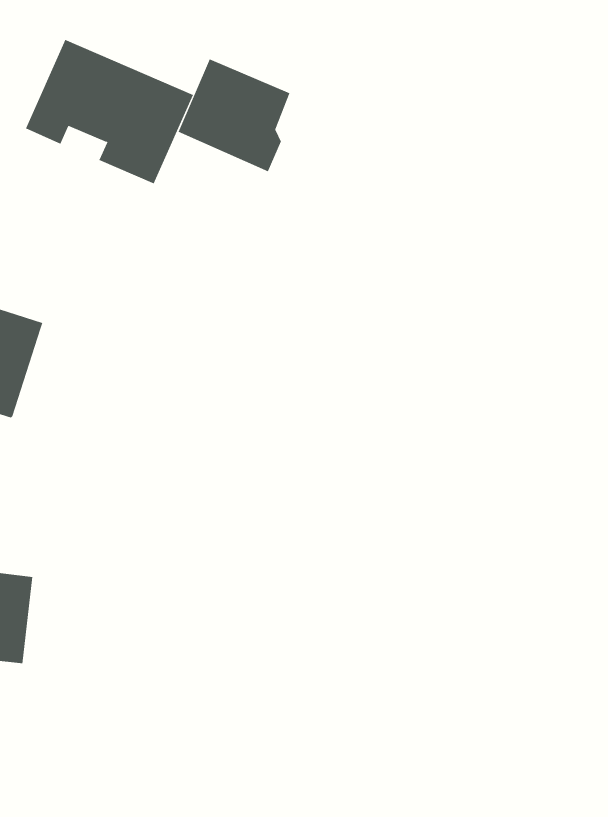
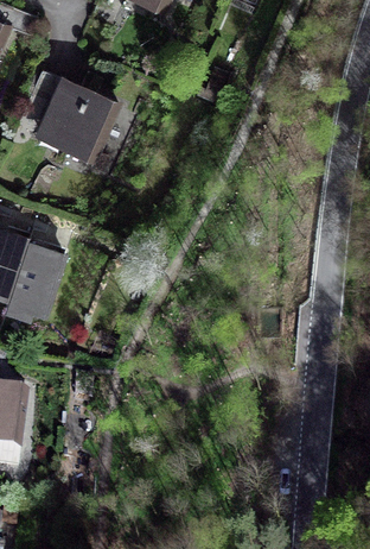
building: [178,59,290,172] -> none
building: none -> [12,246,65,315]

